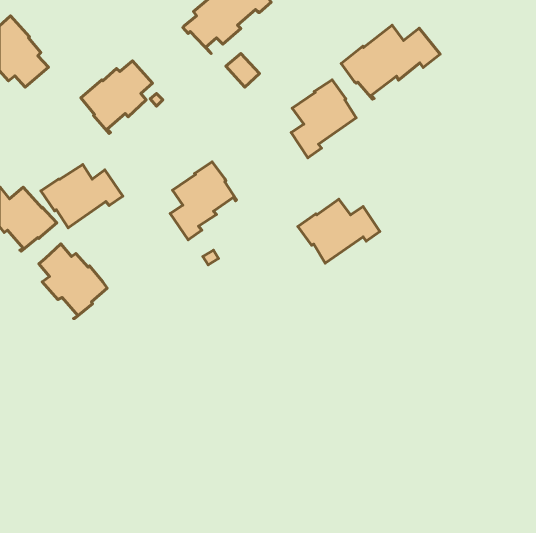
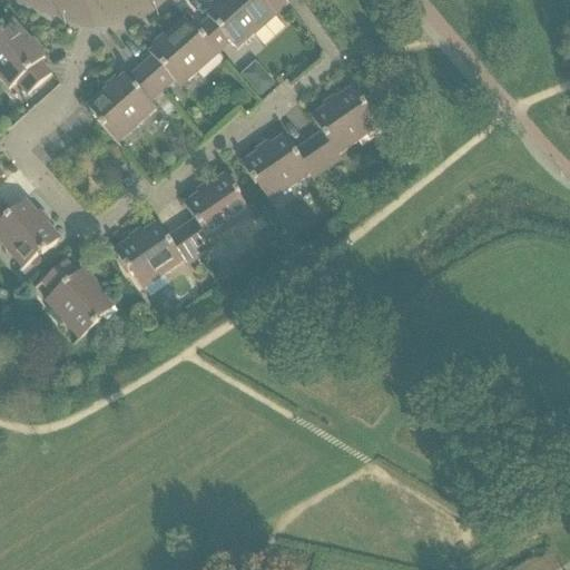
building: none -> [140,17,224,88]
building: [341,25,440,99] -> none
building: [41,165,123,228] -> [112,220,199,287]
building: [298,199,380,263] -> [239,132,326,200]

